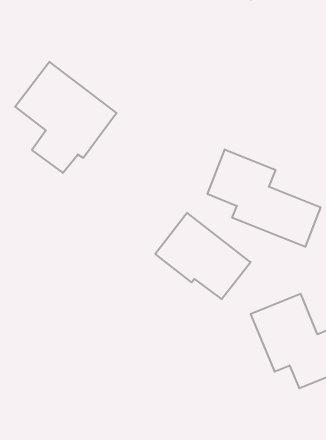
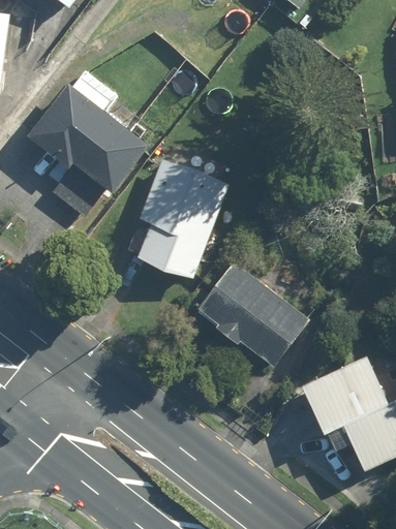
building: none -> [138,161,227,280]
building: [208,149,320,247] -> none

